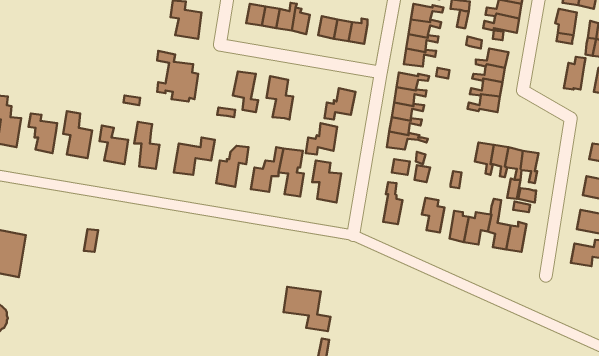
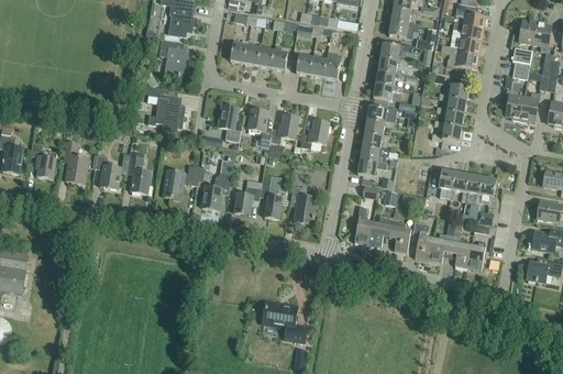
building: none -> [504,88,523,119]
building: [306,123,337,154] -> [269,113,298,142]
building: none -> [367,217,393,246]

